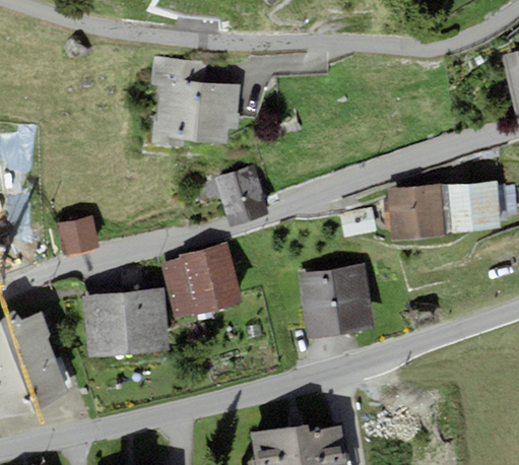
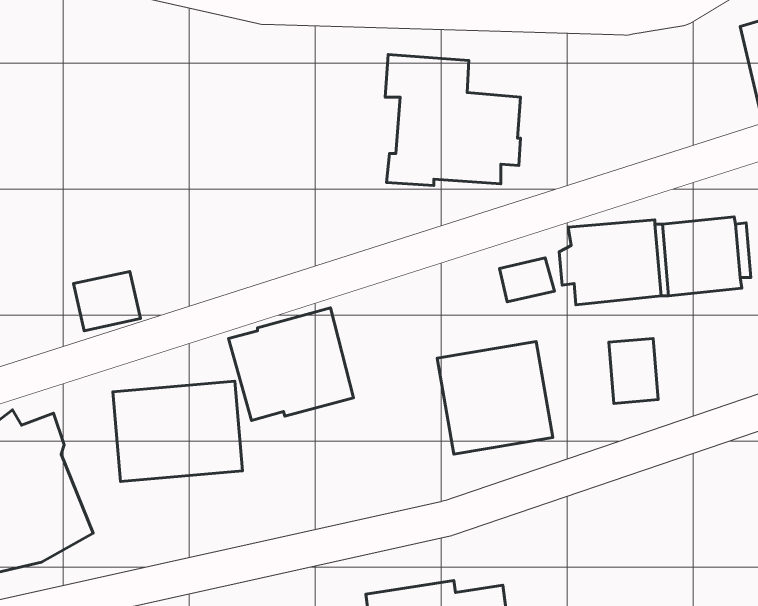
building: [150,57,241,144] -> [385,54,521,185]
building: [214,165,268,224] -> none
building: none -> [609,338,658,404]

